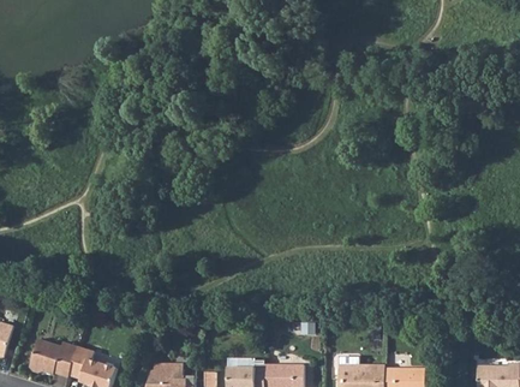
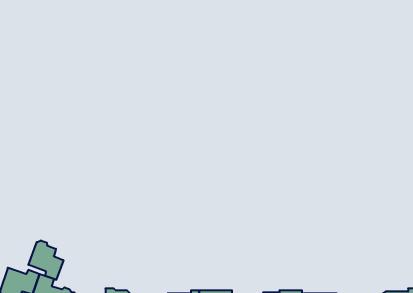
building: none -> [28,240,63,280]

